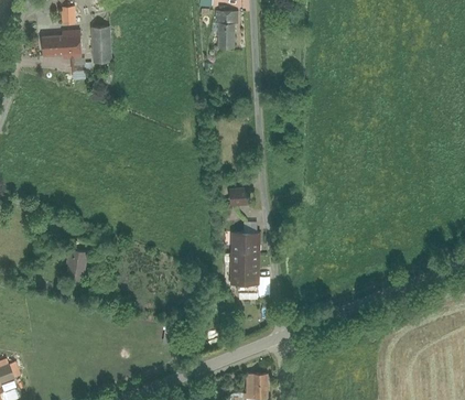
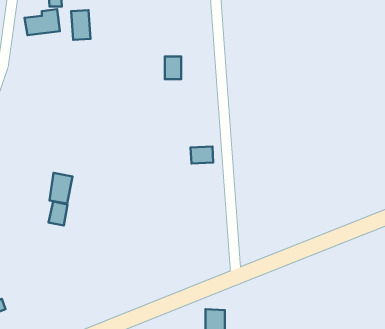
building: [218,23,237,50] -> [165,56,181,79]
building: none -> [49,173,73,204]
building: [232,233,259,287] -> none

